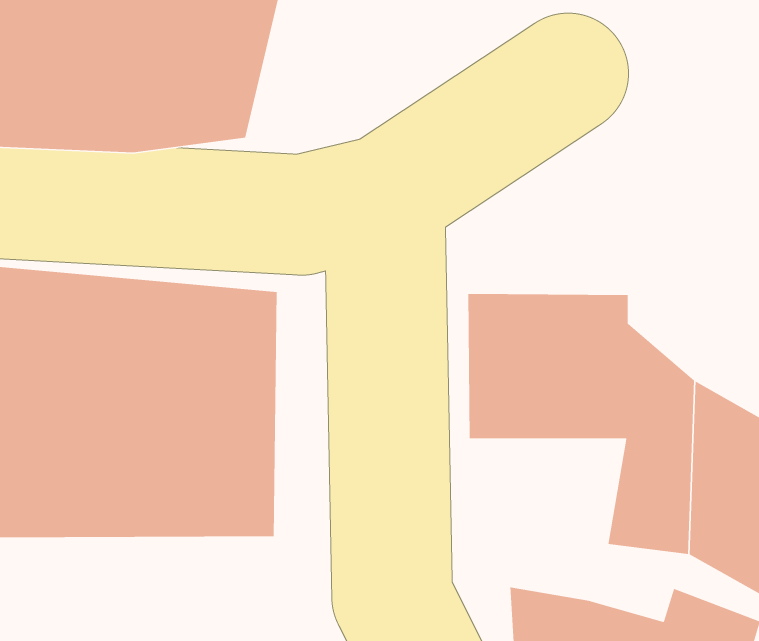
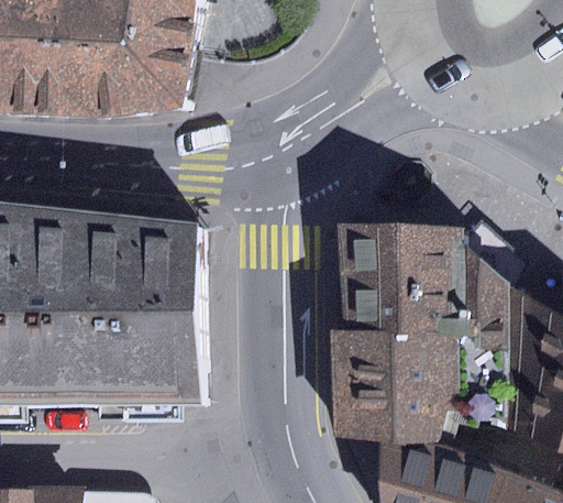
building: none -> [329,329,461,447]

